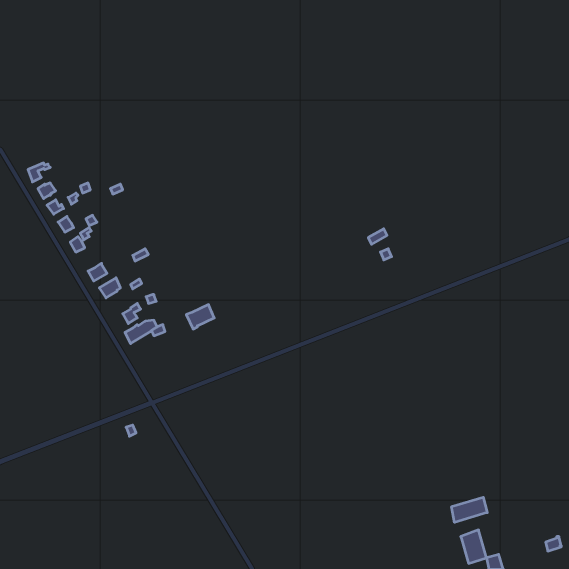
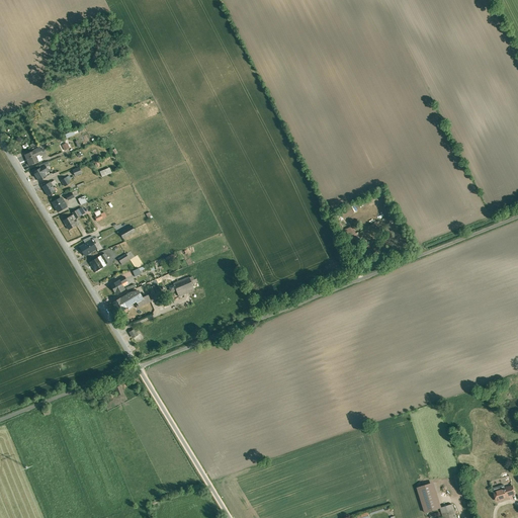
building: [452,497,487,522] -> none

